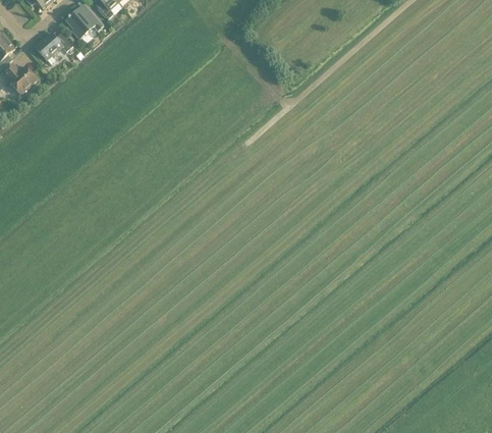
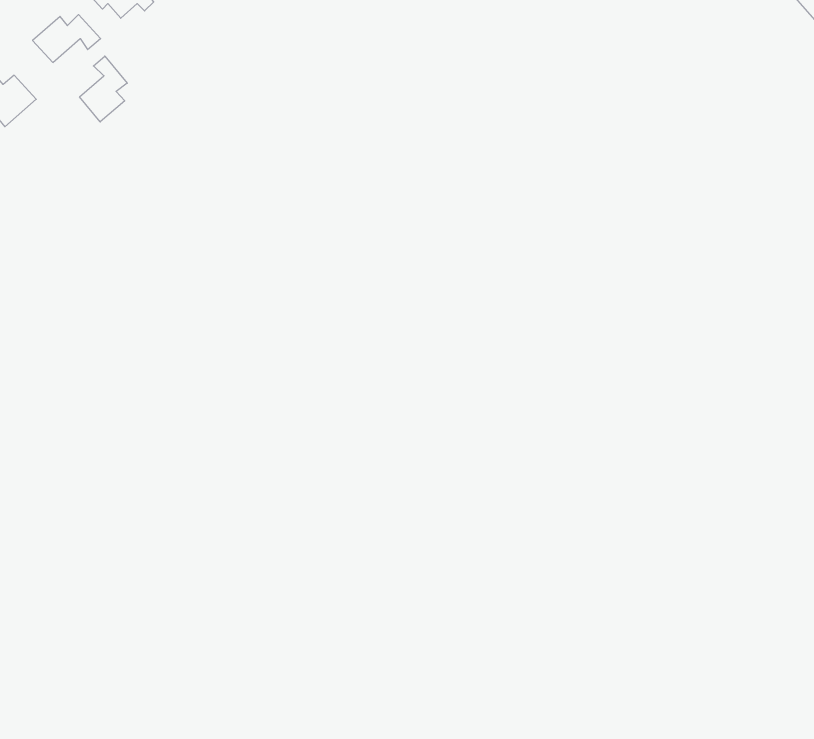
building: none -> [80,56,127,122]

